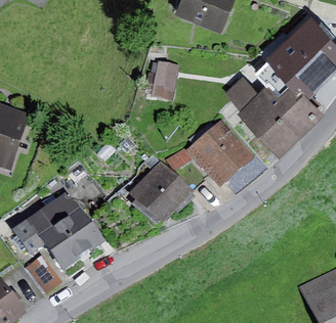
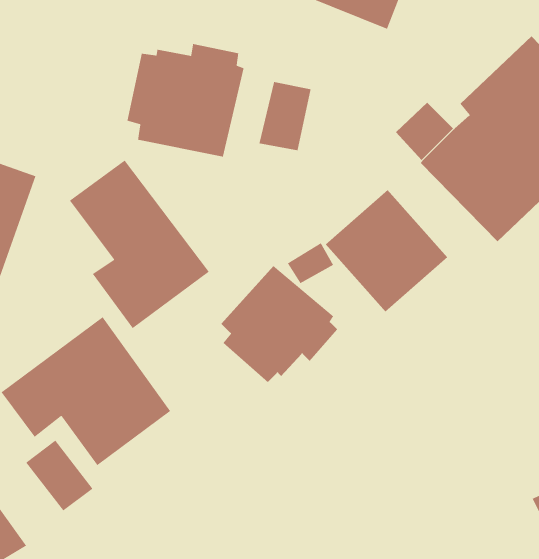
building: none -> [126,43,245,157]
building: none -> [69,159,210,329]

